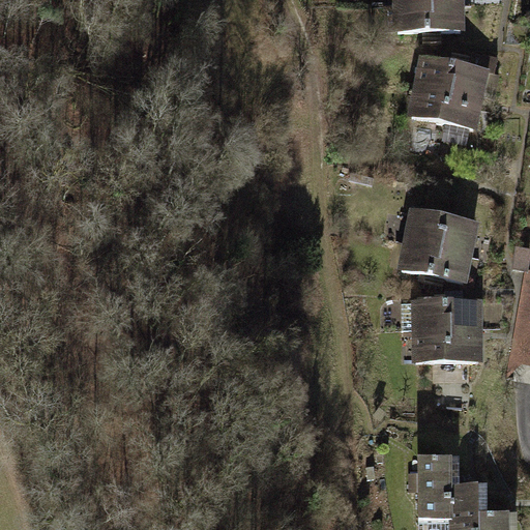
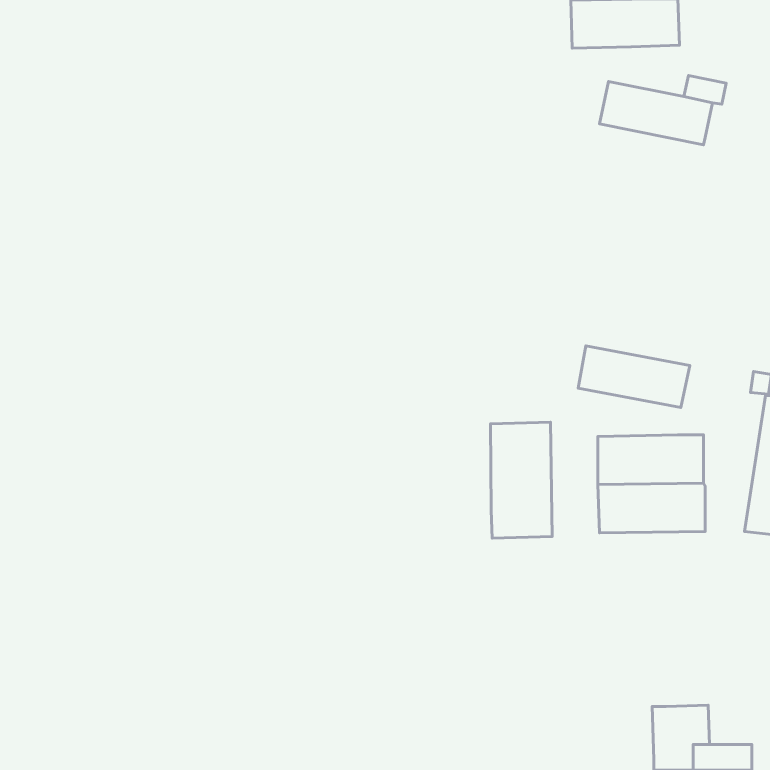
building: [406,85,483,128] -> none
building: [403,207,480,251] -> none
building: none -> [490,422,552,538]
building: [416,453,458,522] -> none

